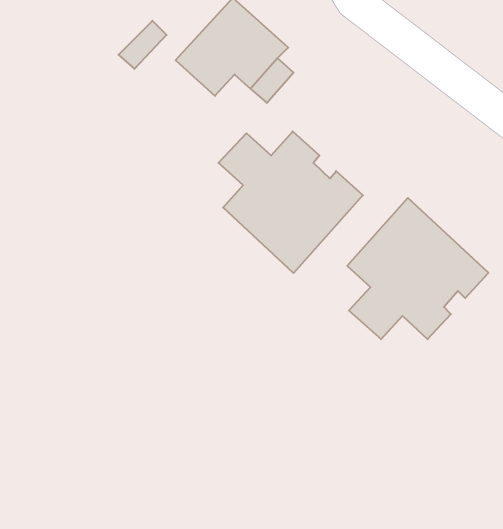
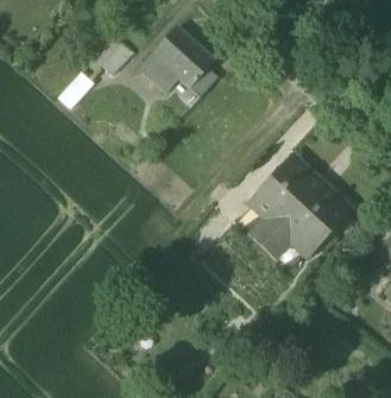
building: [218,131,363,273] -> none

